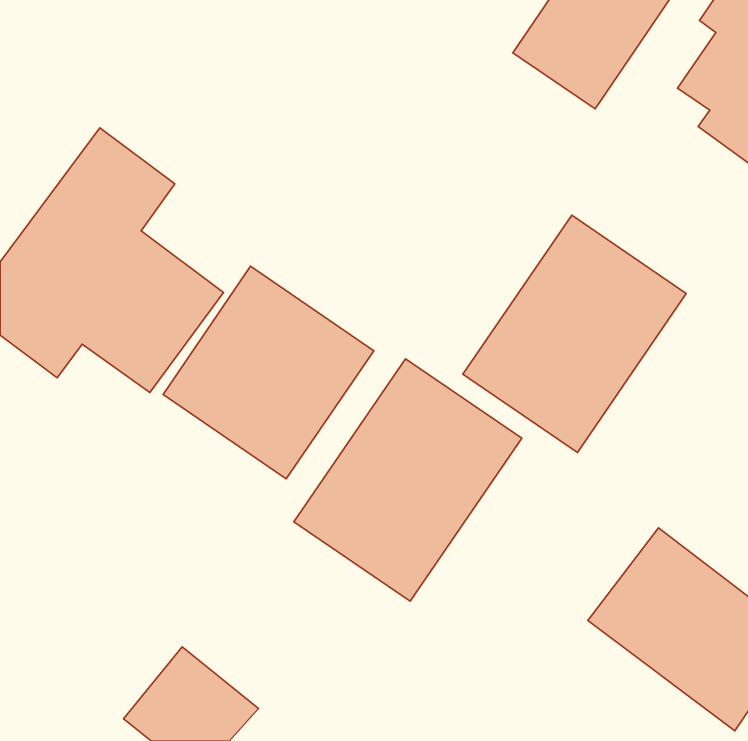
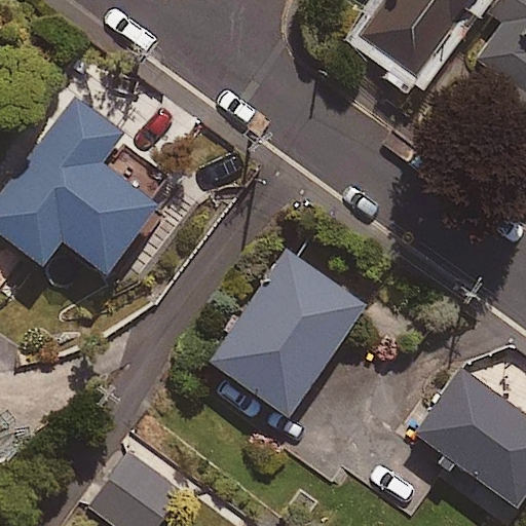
building: [463,215,686,453] -> none
building: [163,266,374,479] -> none

